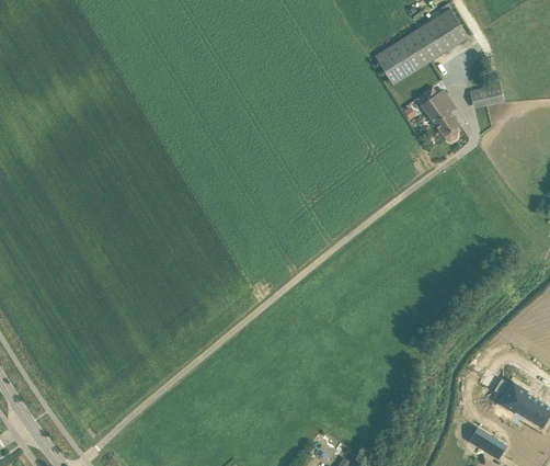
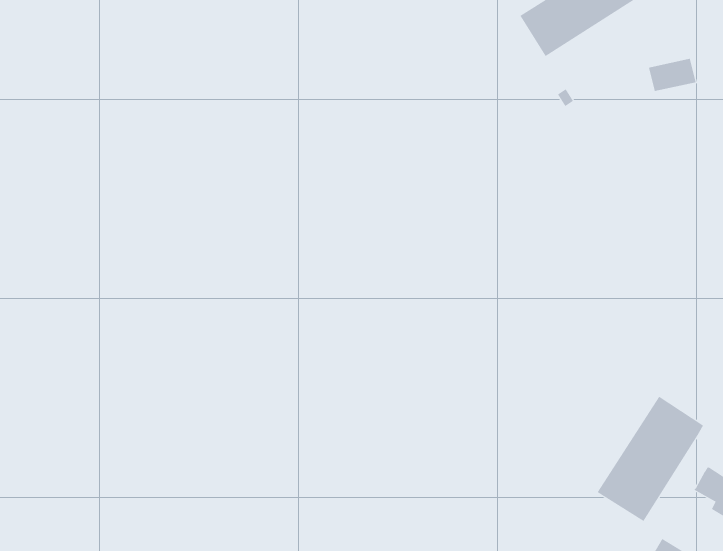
building: [422,94,459,140] -> none
building: none -> [597,396,704,522]

